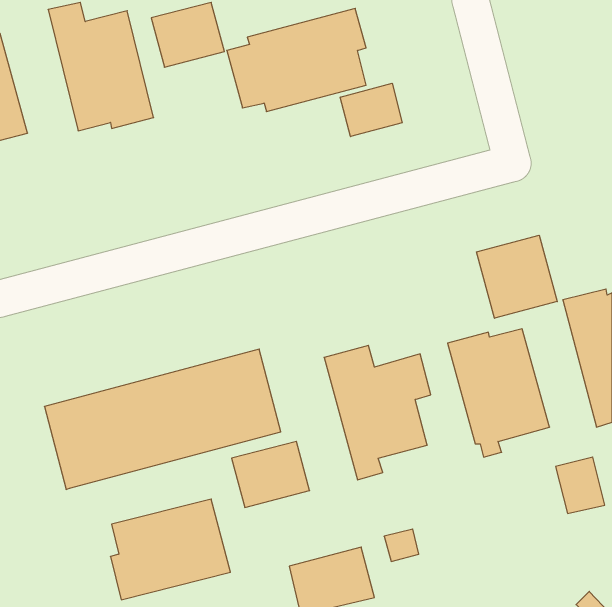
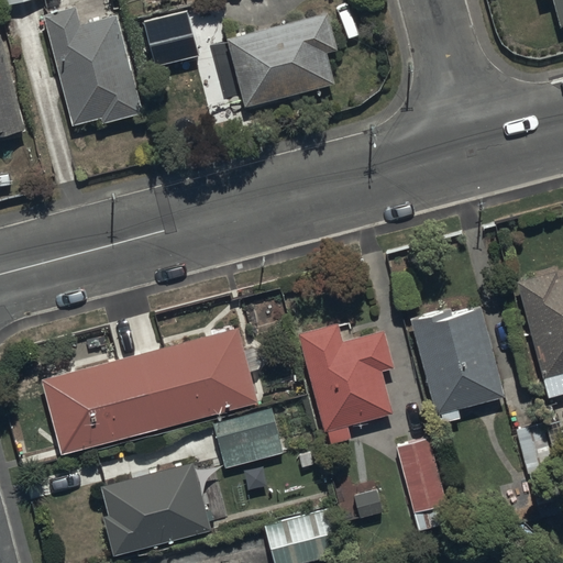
building: [340,83,402,137] -> none
building: [476,235,557,318] -> none
building: none -> [395,438,452,534]

